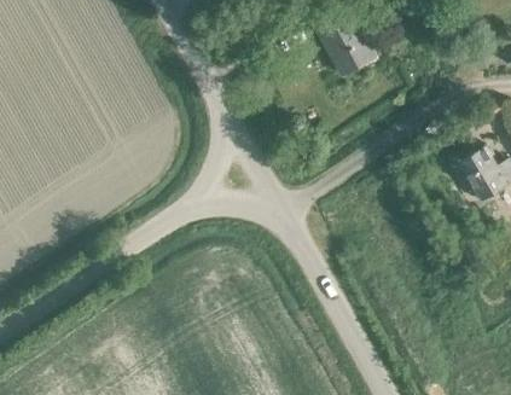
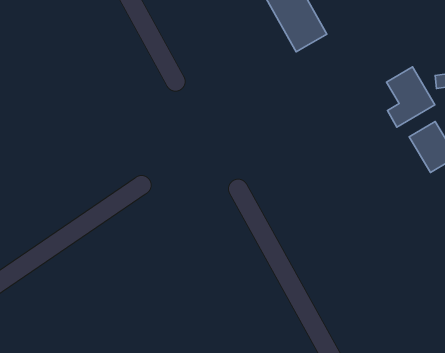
building: none -> [386,67,435,127]

